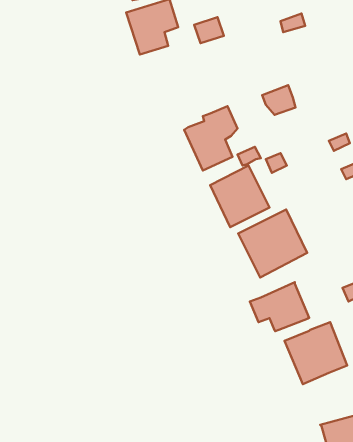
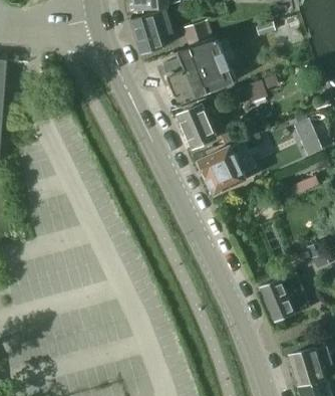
building: none -> [163,39,235,105]
building: [238,210,307,277] -> none
building: [250,282,309,331] -> none

